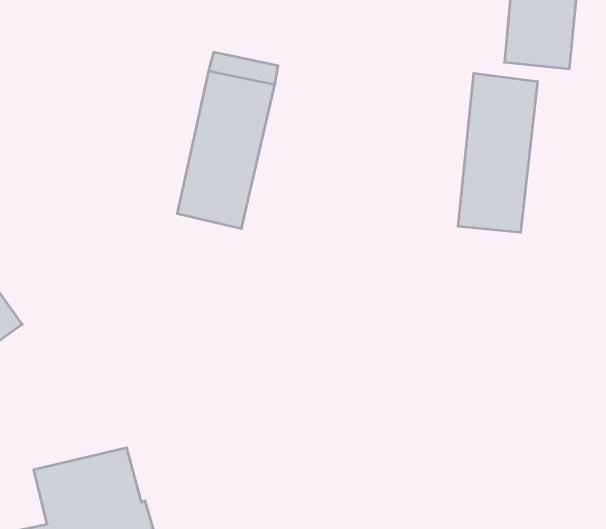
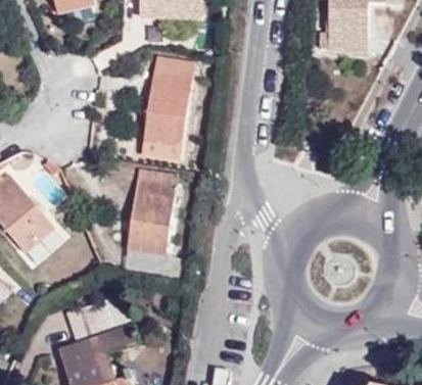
building: [458,73,537,232] -> none
building: none -> [125,171,175,252]

